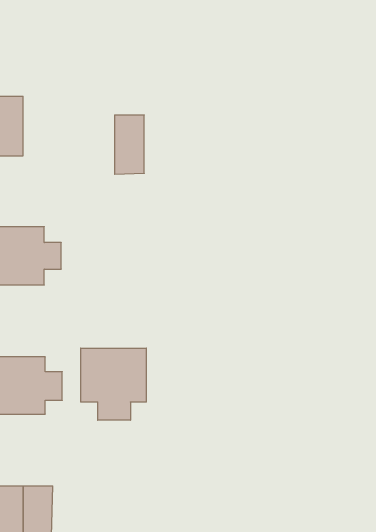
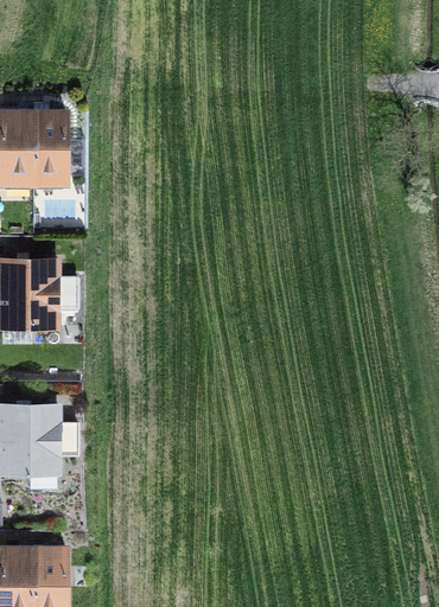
building: [115,115,144,174] -> [32,114,65,180]
building: [81,348,146,420] -> none

